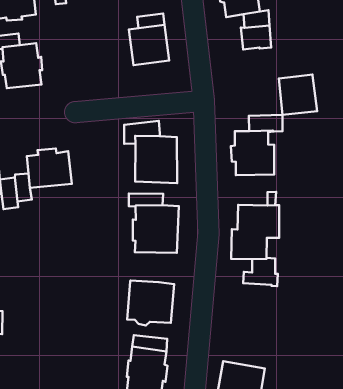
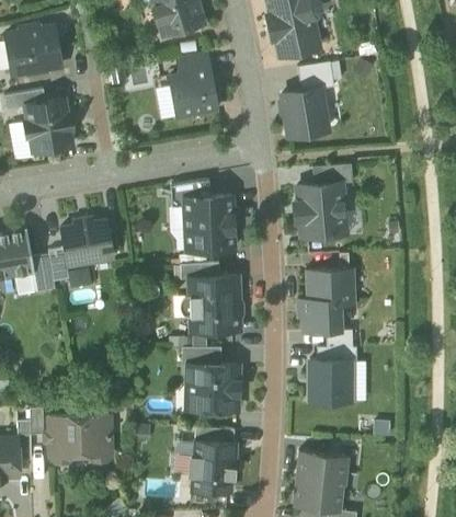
building: [279,75,317,115] -> [282,90,328,138]
building: none -> [182,348,221,367]
building: none -> [309,361,350,402]
building: none -> [48,416,111,464]

